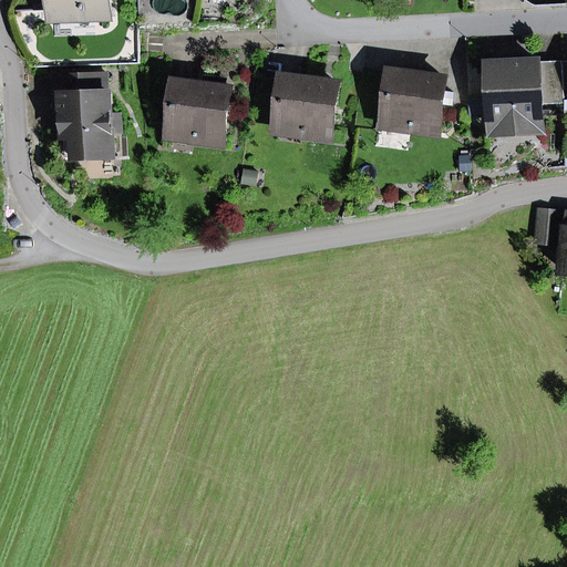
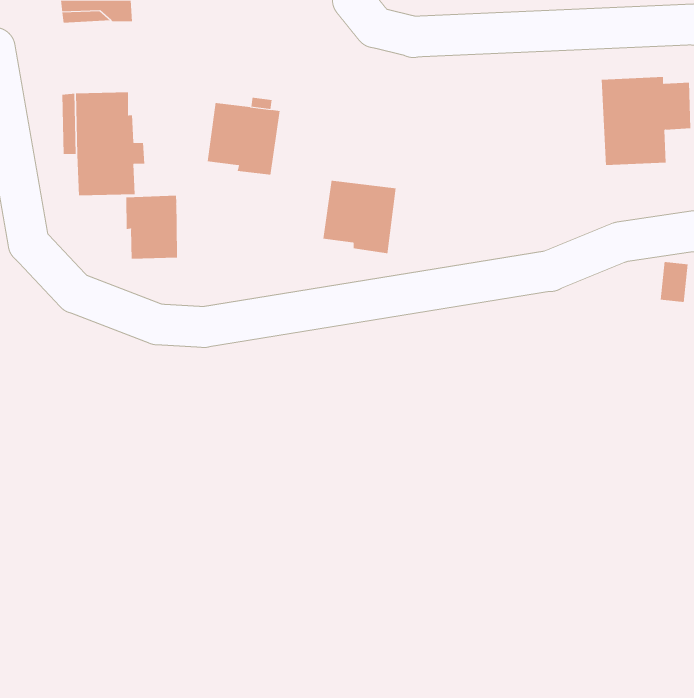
building: [382,73,442,133] -> none
building: [275,79,334,138] -> [323,180,397,254]
building: none -> [126,195,177,259]

